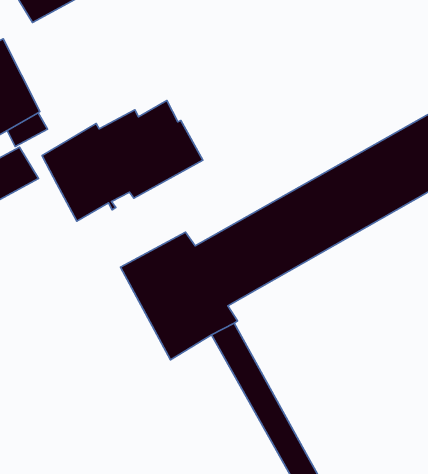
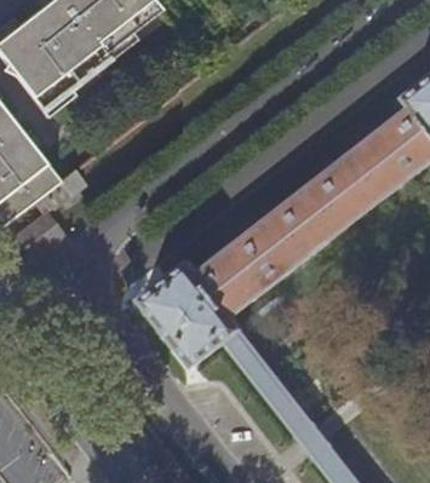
building: [42,101,203,221] -> none

